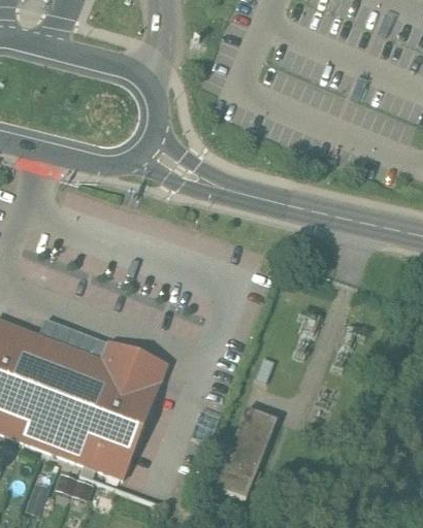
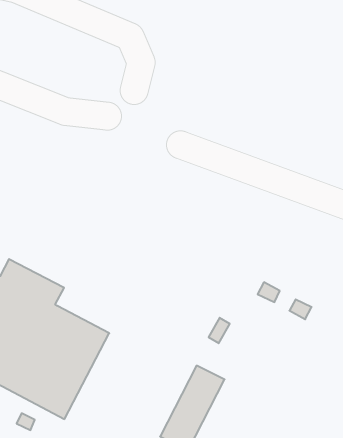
building: [99,341,164,383] -> none

